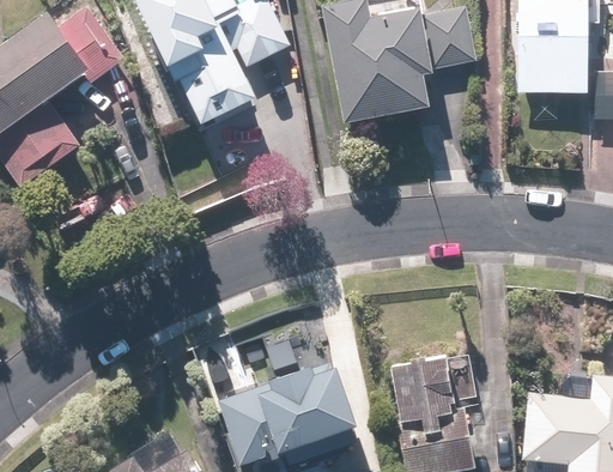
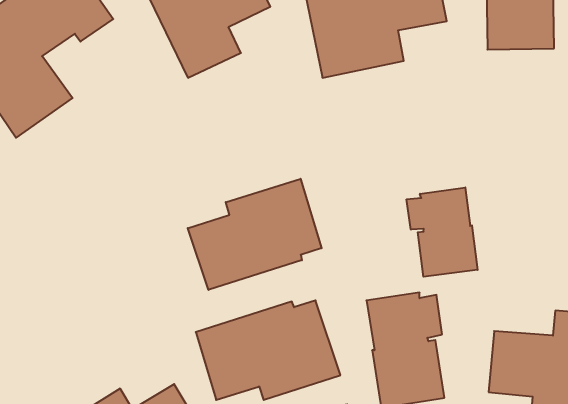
building: none -> [188,179,322,290]
building: none -> [407,187,478,277]

